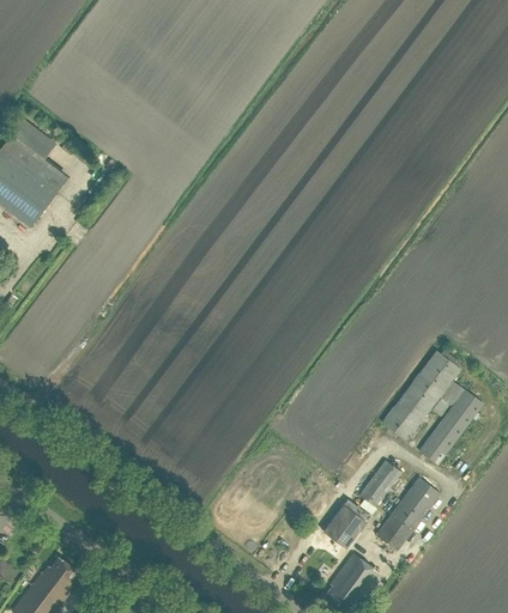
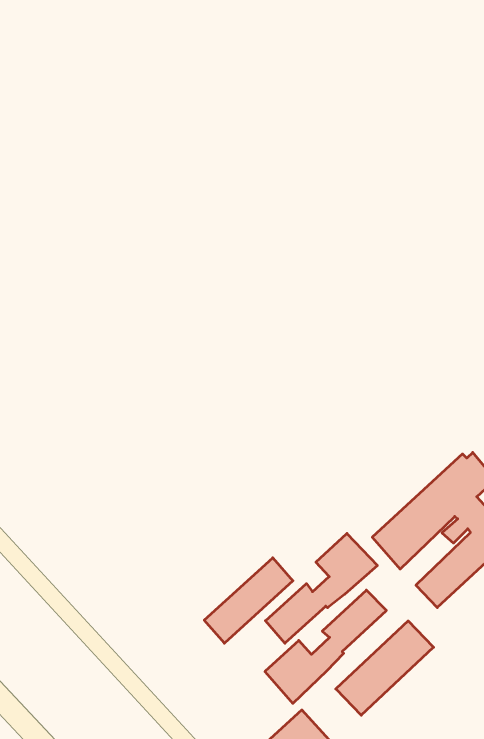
building: none -> [265,533,377,643]
building: none -> [204,558,293,643]

